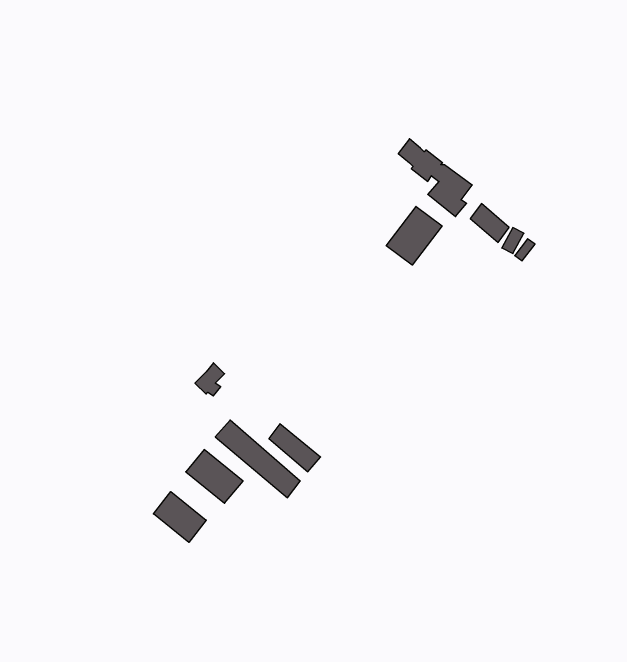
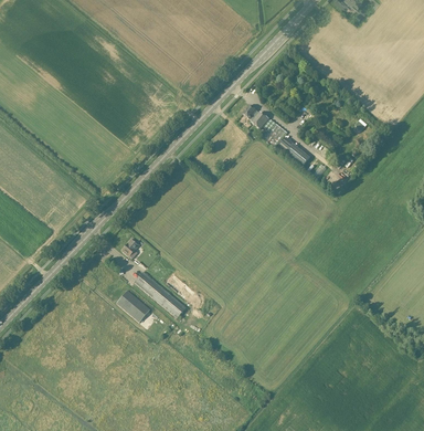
building: [386,206,442,265] -> none
building: [153,492,206,542] -> none

